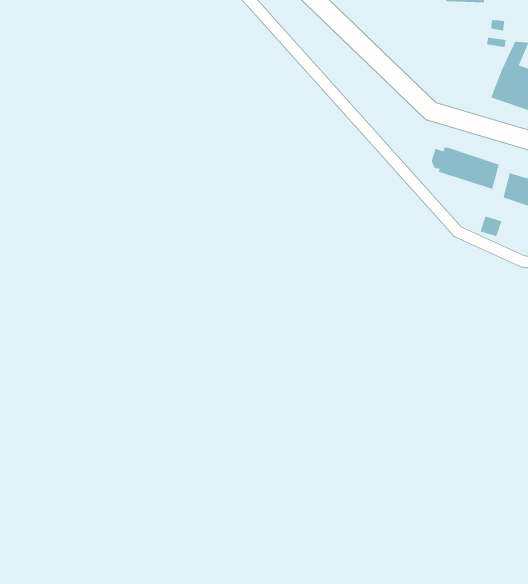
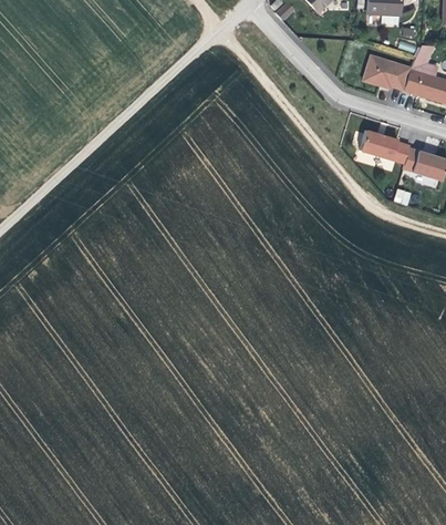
building: none -> [361,54,413,91]

